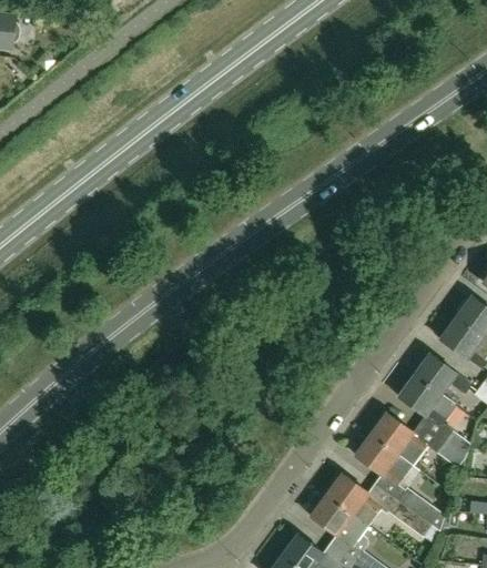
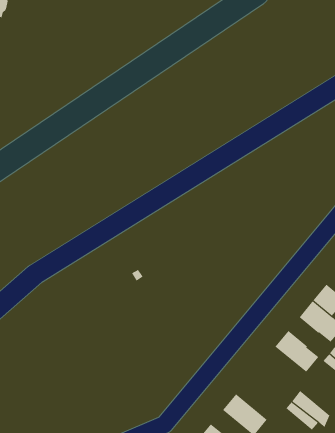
building: [355,434,412,485] -> none
building: [326,473,382,525] -> none

